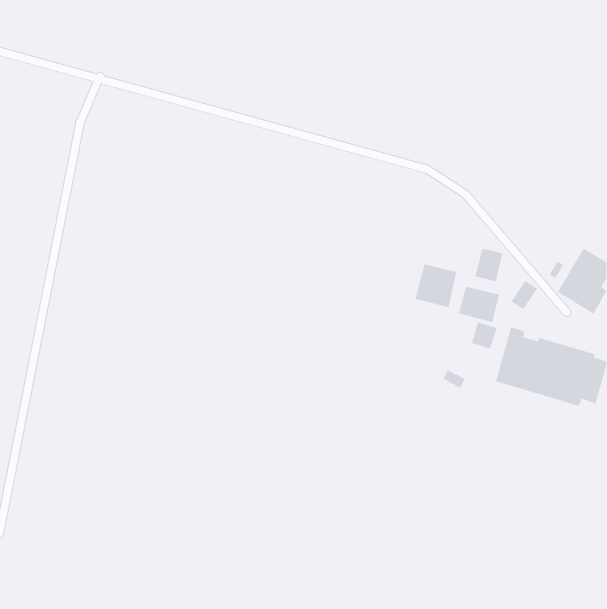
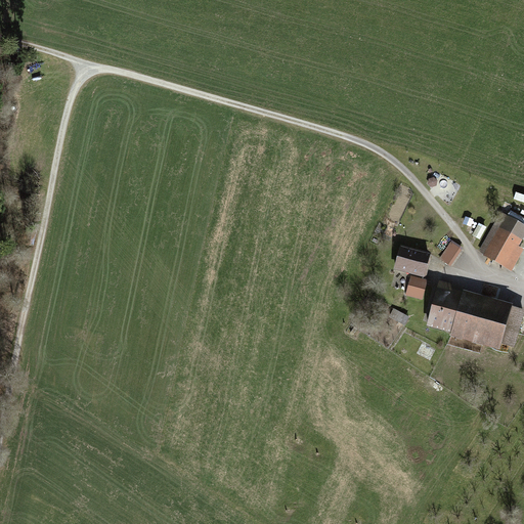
building: [475,248,503,282] -> none
building: [415,263,457,308] -> none

